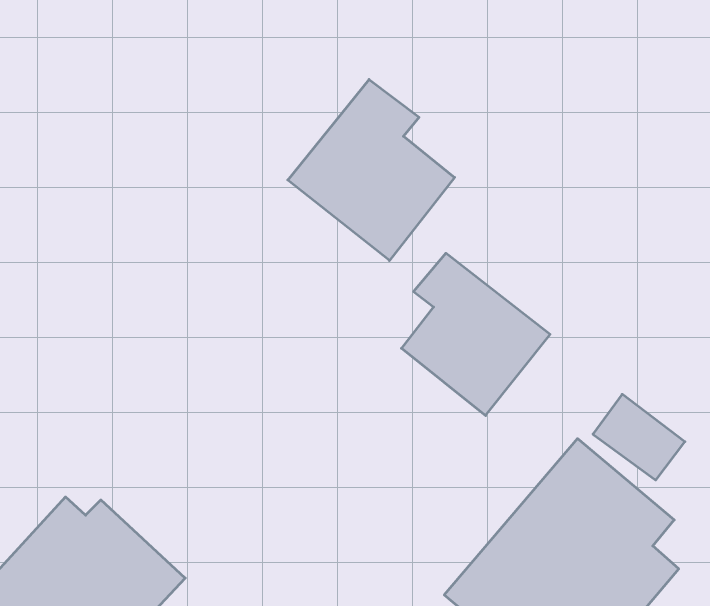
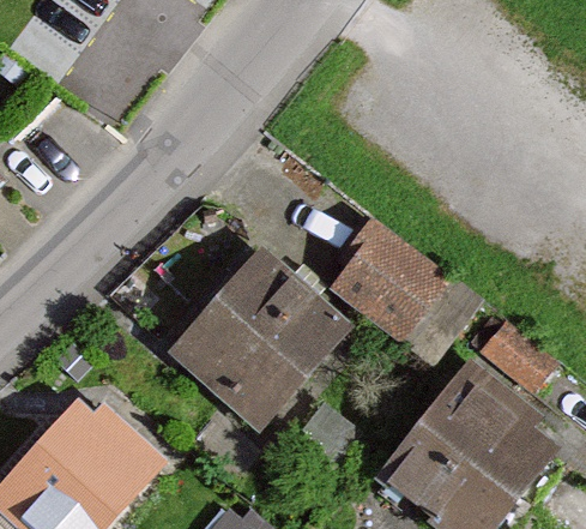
building: [288,79,455,261] -> none
building: none -> [169,248,348,429]

